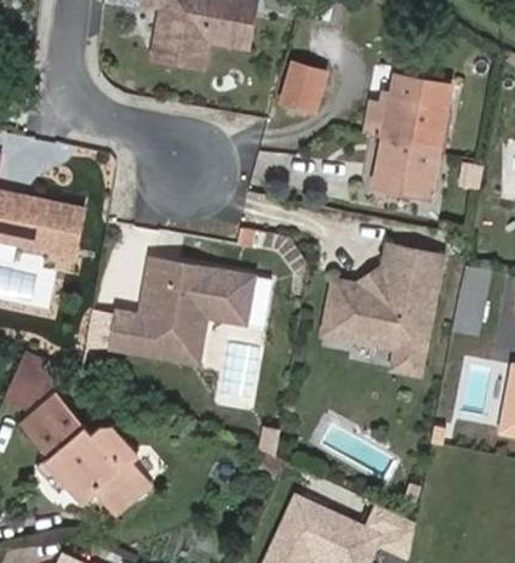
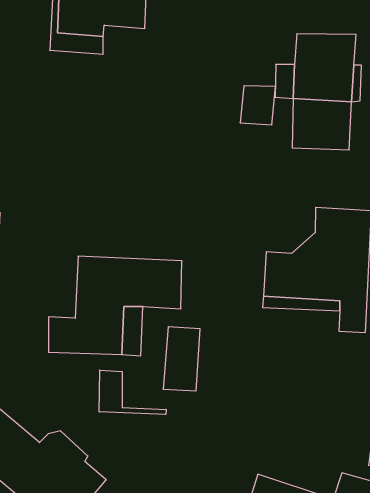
building: [279,70,317,112] -> [240,86,275,125]
building: none -> [99,370,166,414]

